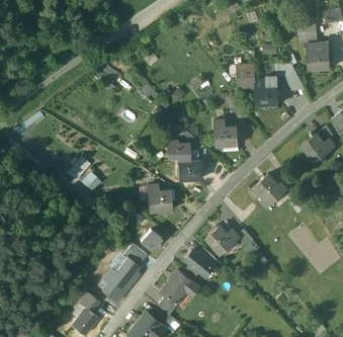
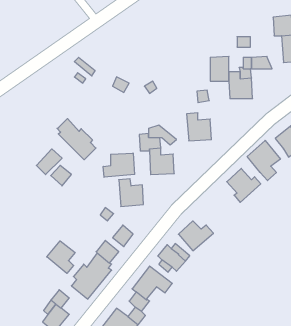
building: none -> [57,119,96,160]
building: none -> [247,140,280,181]
building: none -> [103,153,135,177]
building: none -> [47,241,75,273]

